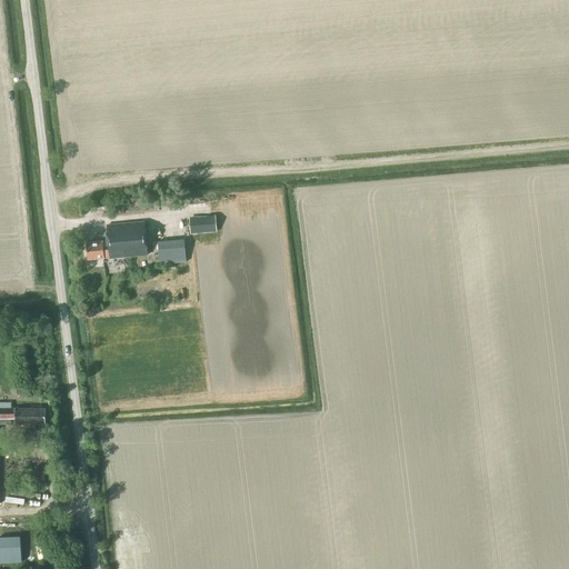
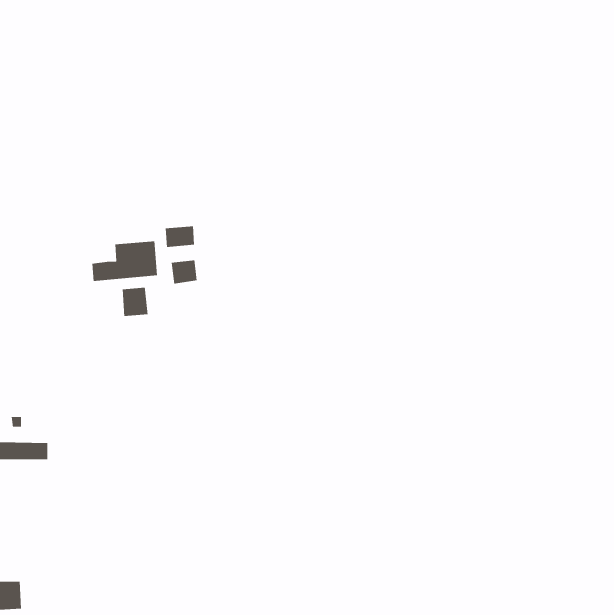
building: [188,214,216,234] -> [165,226,195,247]
building: none -> [122,287,148,317]

